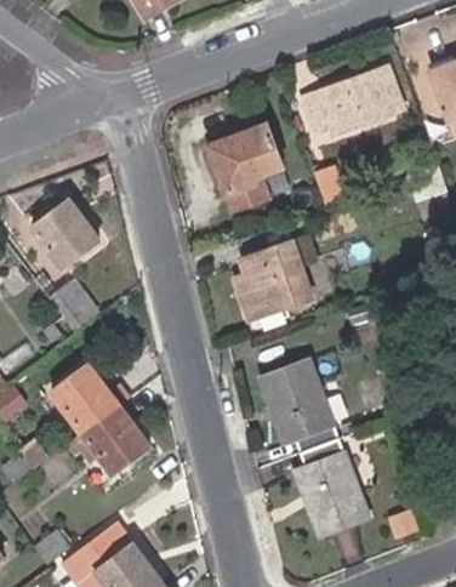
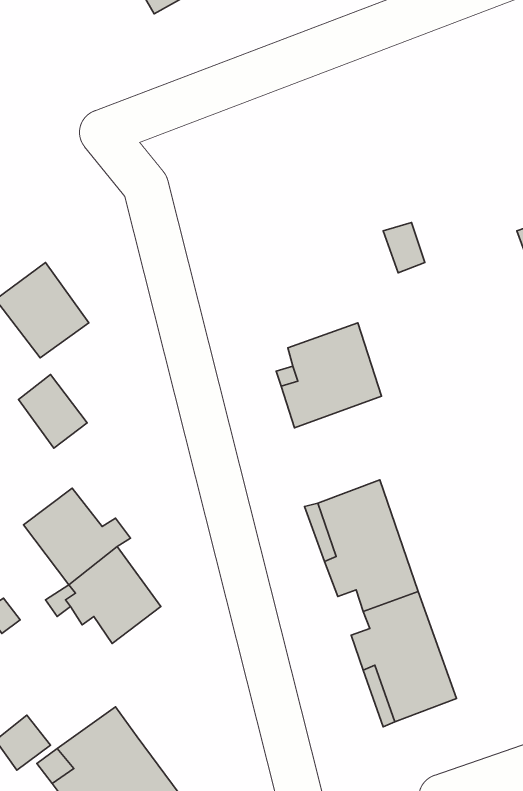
building: [302,64,403,132] -> none
building: [209,124,280,212] -> none

